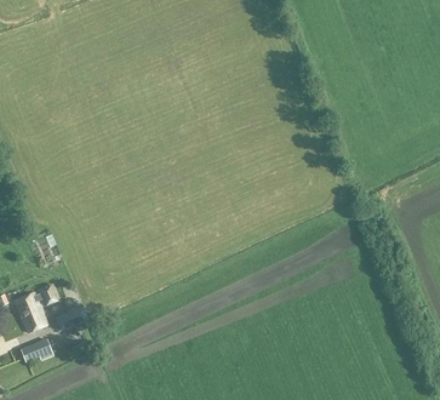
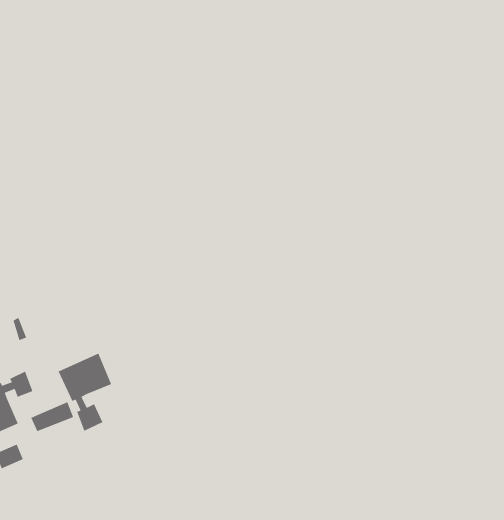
building: none -> [57,353,112,432]

